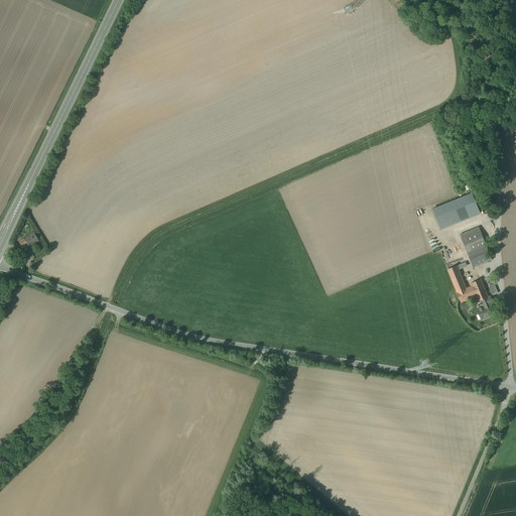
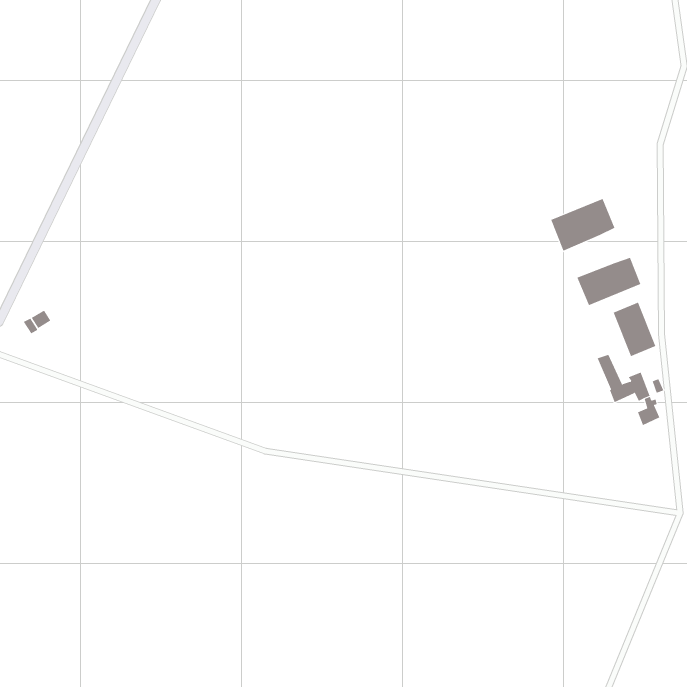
building: none -> [550,198,615,252]

